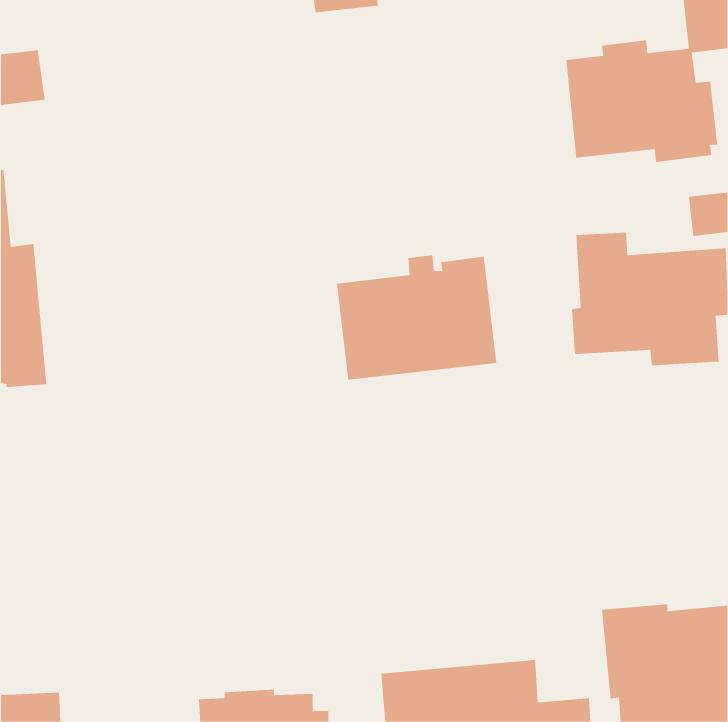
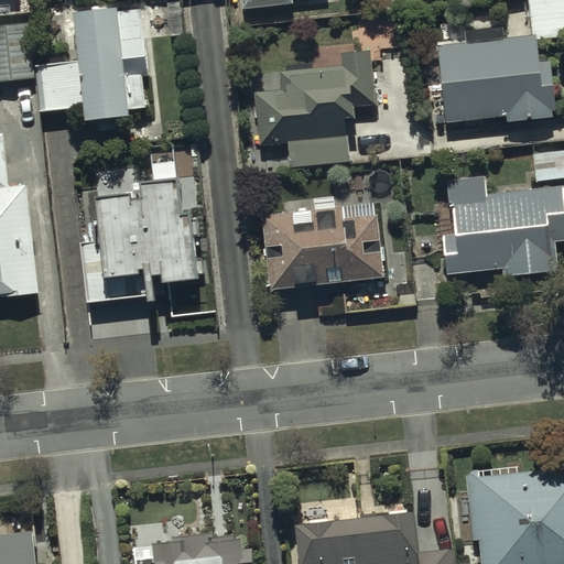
building: none -> [37,7,148,131]
building: none -> [254,54,376,170]
building: none -> [80,174,197,300]

